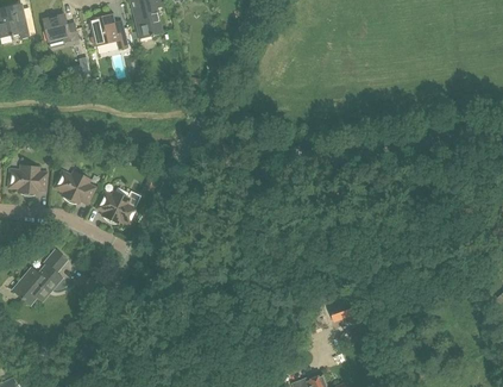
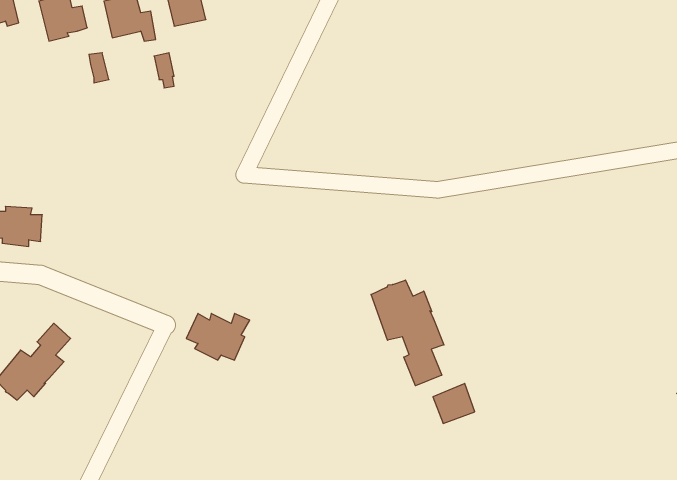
building: [52,170,94,204] -> none
building: [94,191,139,224] -> [186,313,250,360]
building: none -> [371,280,444,386]

